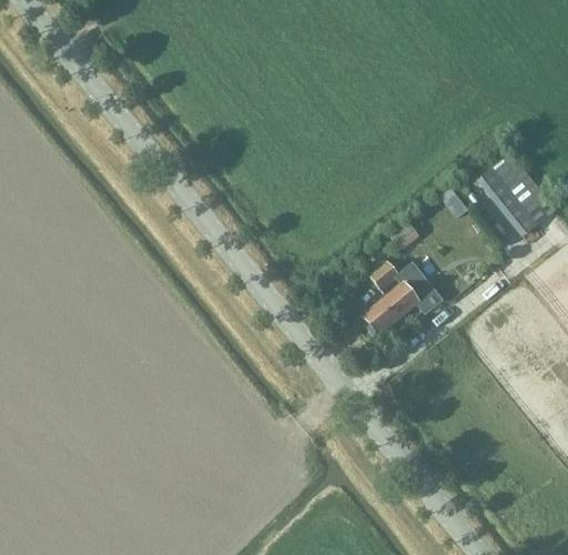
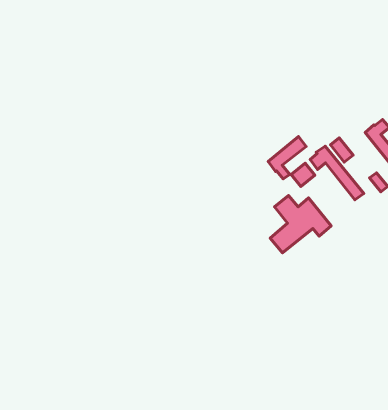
building: none -> [268,137,306,179]
building: none -> [310,146,364,200]

